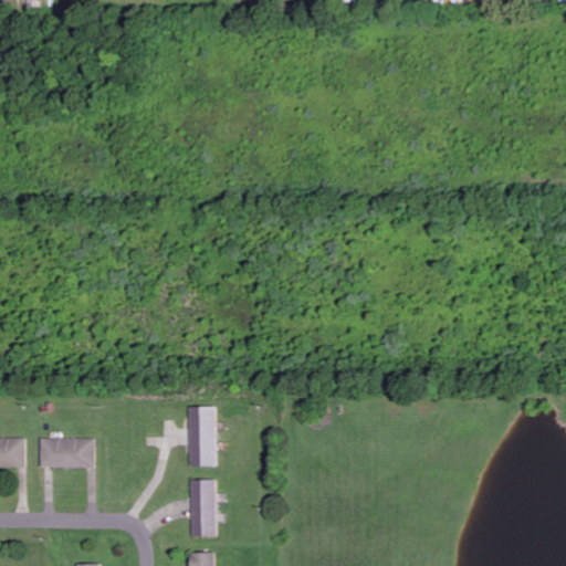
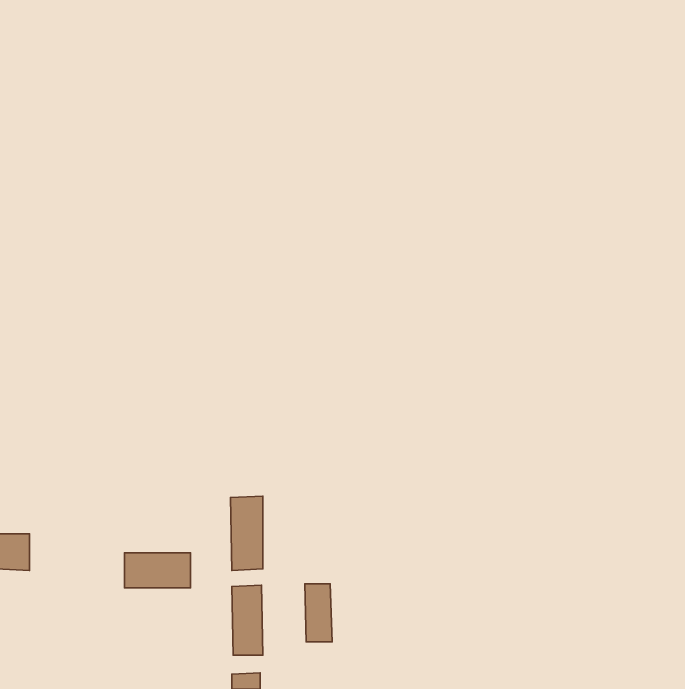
building: [40,439,94,468] -> [124,553,190,588]
building: none -> [305,584,332,642]

